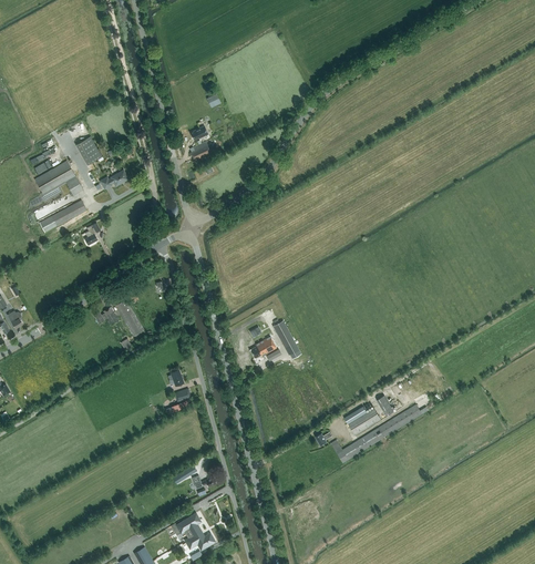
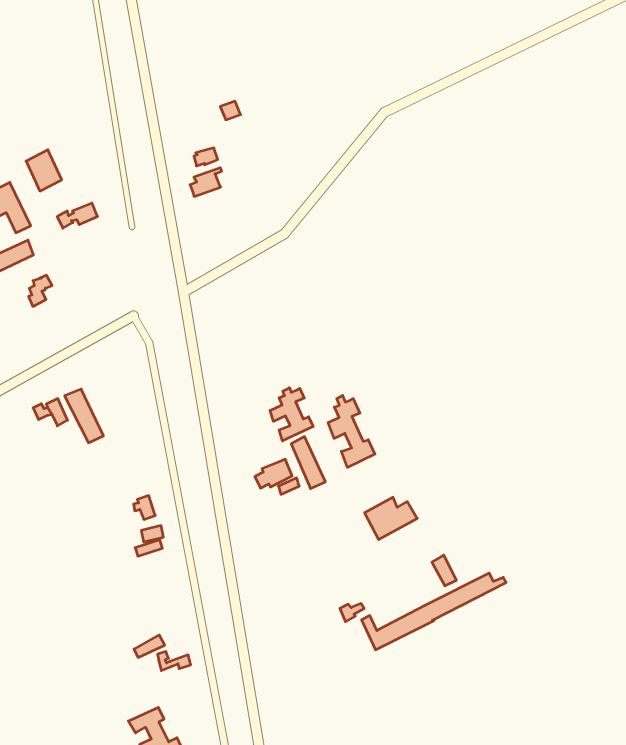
building: none -> [270,388,313,441]
building: none -> [328,395,375,467]
building: [344,406,381,435] -> [365,497,417,540]

